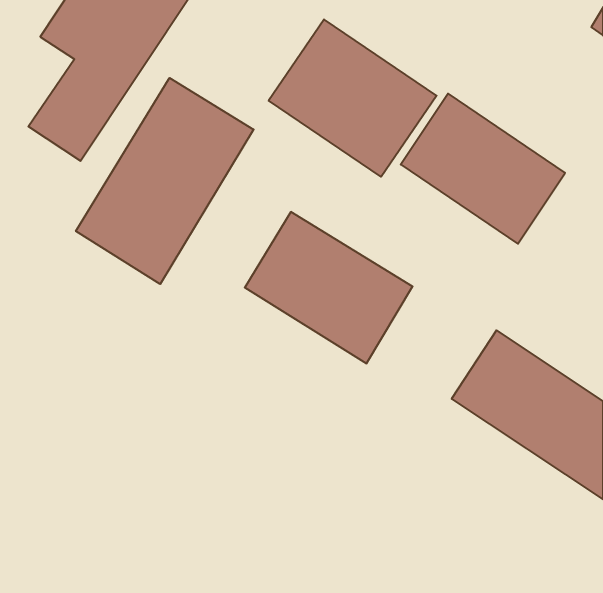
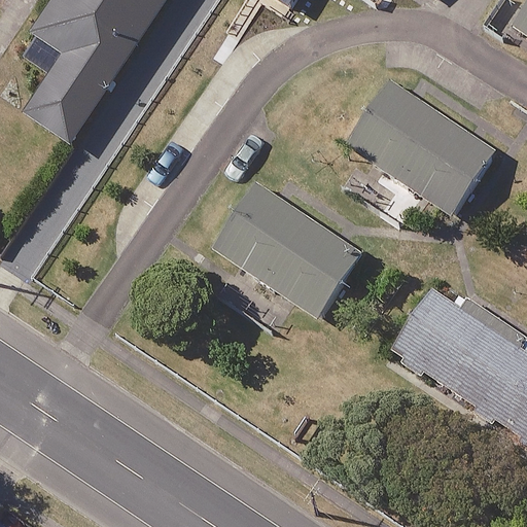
building: [269,19,437,177] -> none
building: [76,78,254,284] -> none

